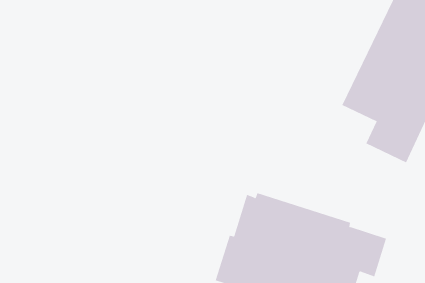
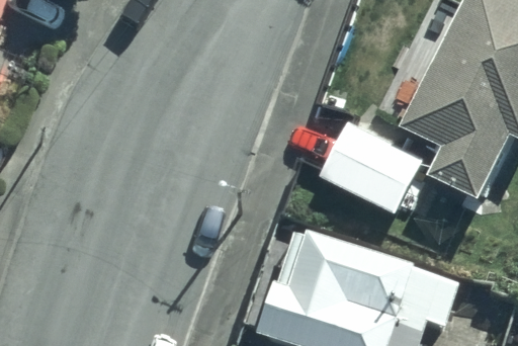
building: none -> [320,119,428,214]

